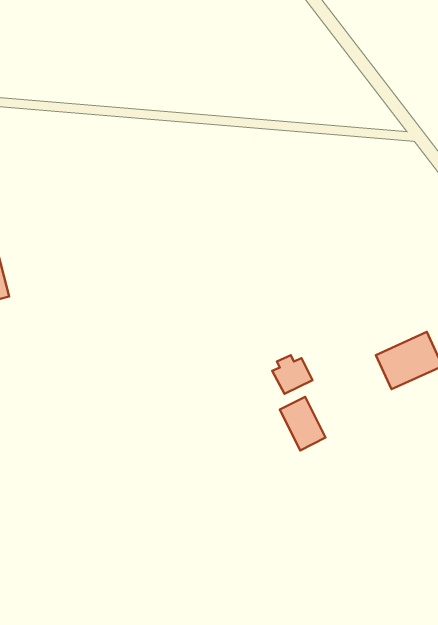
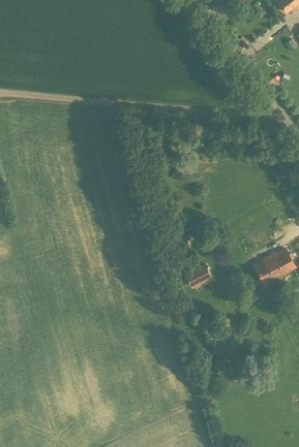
building: [280,397,326,450] -> none

